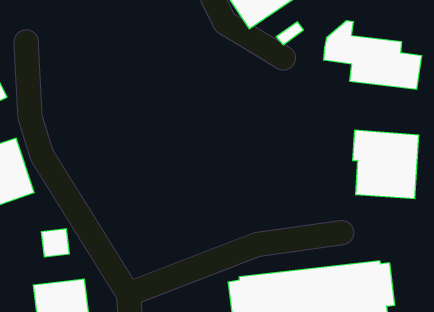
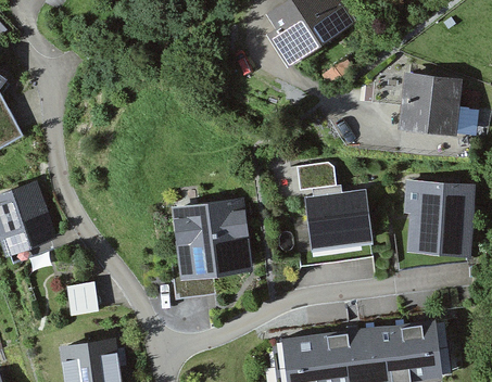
building: none -> [297,163,373,250]
building: none -> [168,200,252,302]

